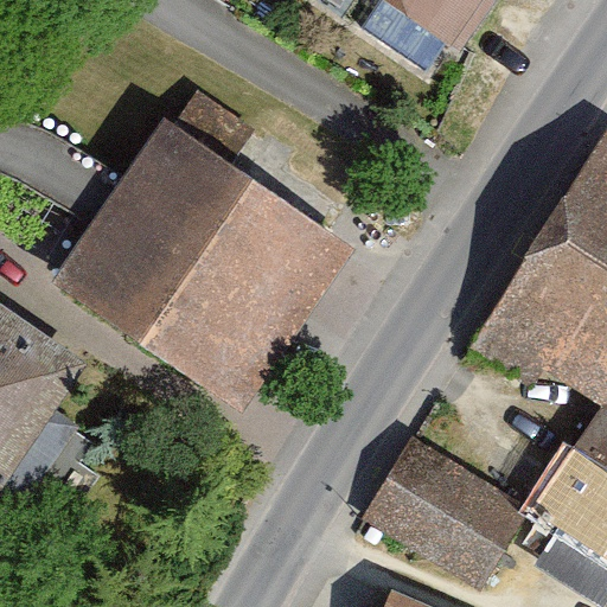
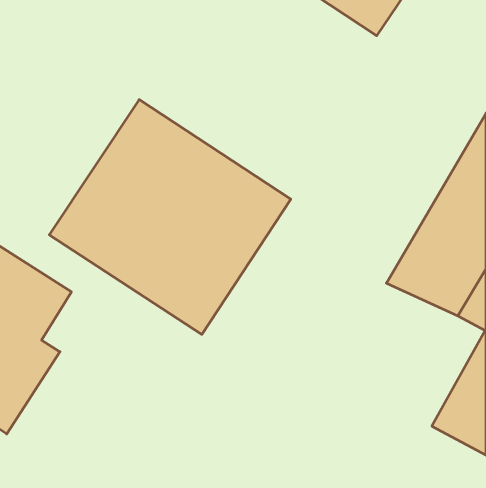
building: [357,434,528,588] -> none

